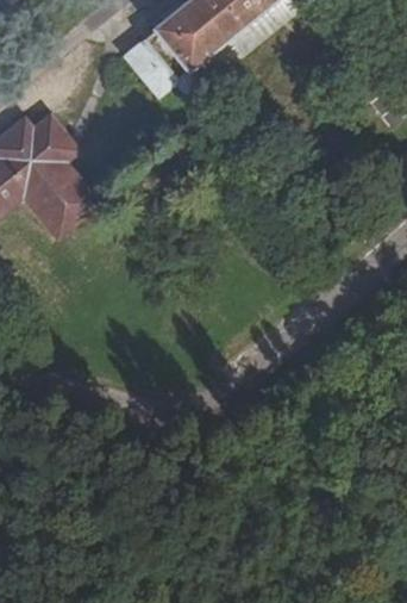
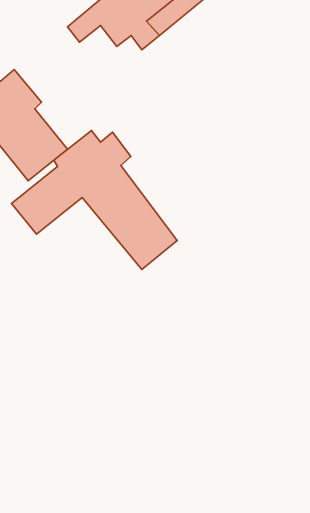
building: none -> [12,131,177,269]

